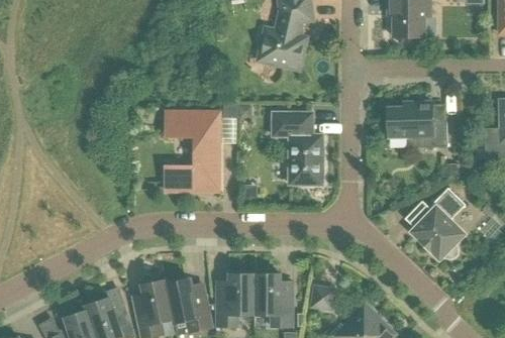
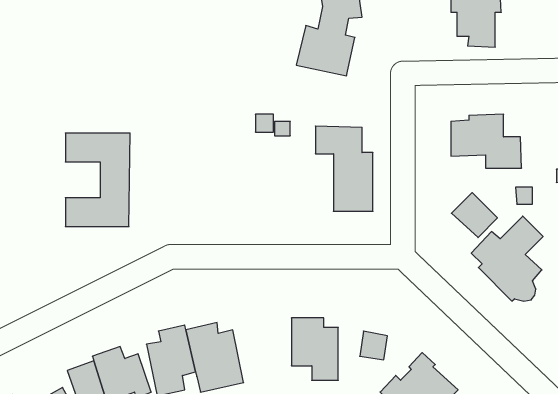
building: [166,112,220,191] -> [65,133,130,227]
building: none -> [451,193,497,238]
building: [216,273,254,326] -> none

